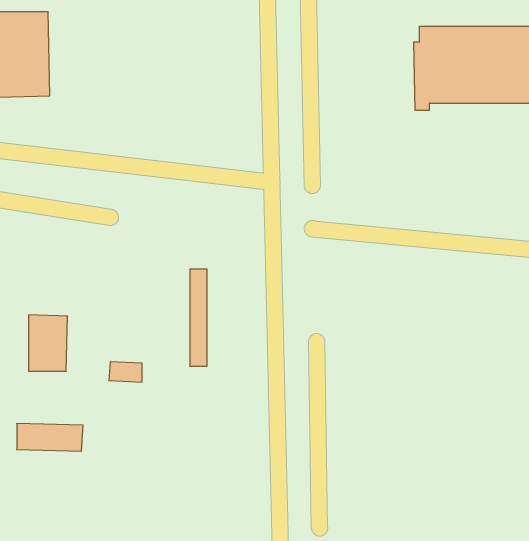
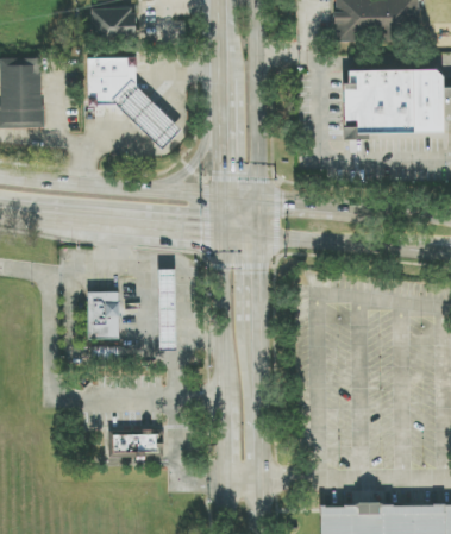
building: none -> [87,56,181,149]
building: [29,315,68,371] -> [87,290,119,337]
building: [17,424,83,451] -> [106,432,161,454]

